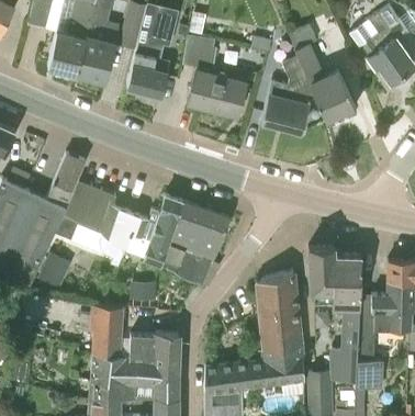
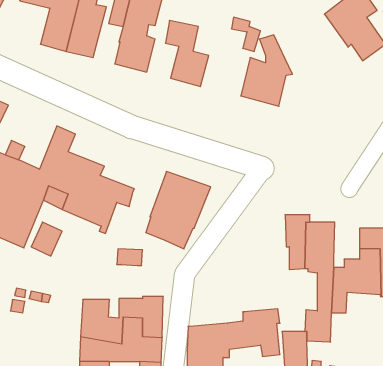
building: [289,25,356,122] -> none
building: [218,78,246,115] -> none
building: [123,195,182,266] -> none
building: [257,272,301,350] -> none
building: [80,307,122,337] -> none
building: [357,361,383,390] -> none

